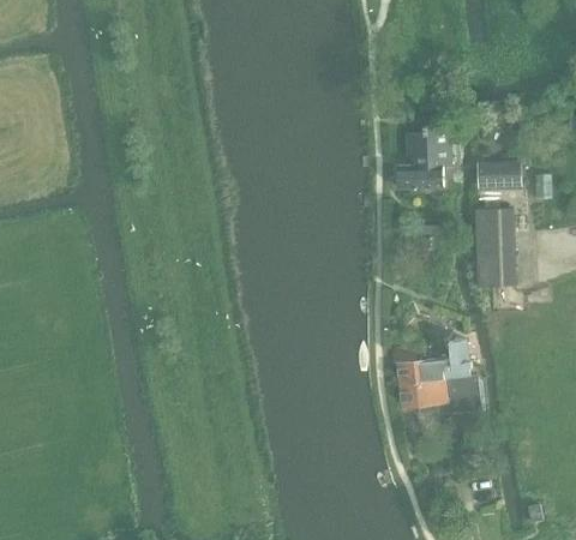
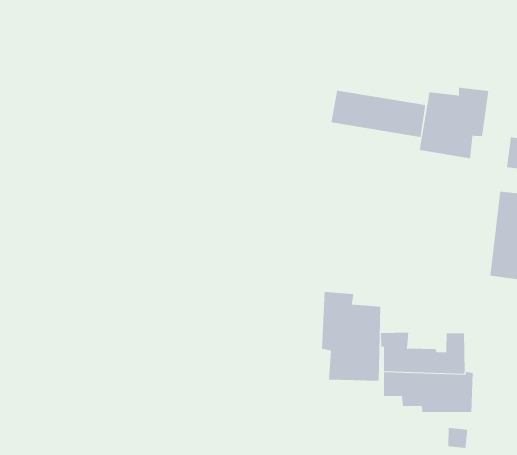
building: none -> [331,90,426,138]
building: none -> [321,291,381,381]

